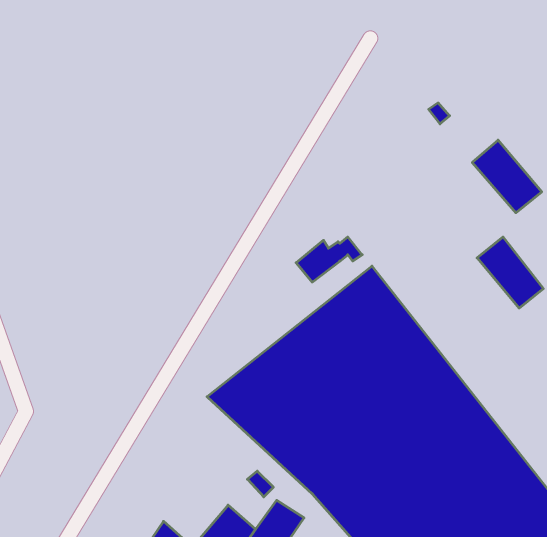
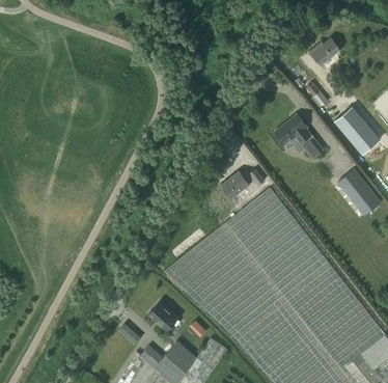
building: none -> [311,37,352,65]
building: none -> [276,115,323,158]
building: none -> [148,302,178,331]

